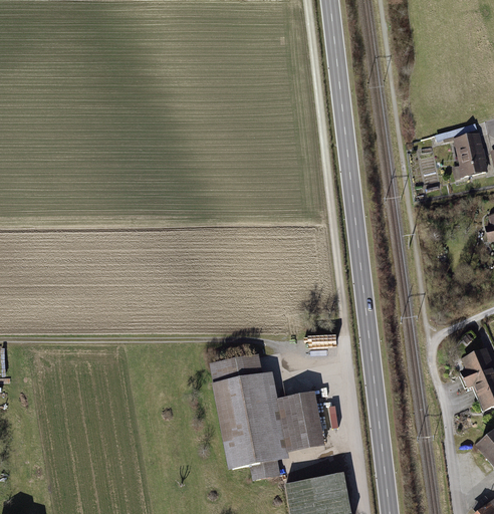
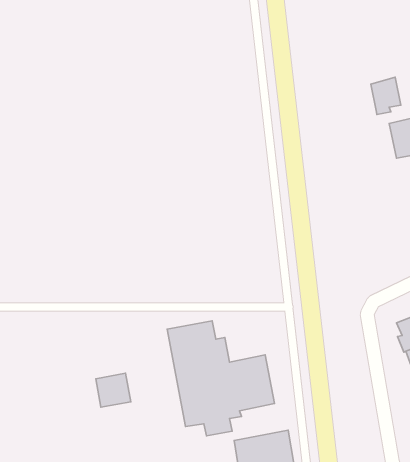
building: none -> [371,77,401,114]
building: none -> [96,373,131,407]

